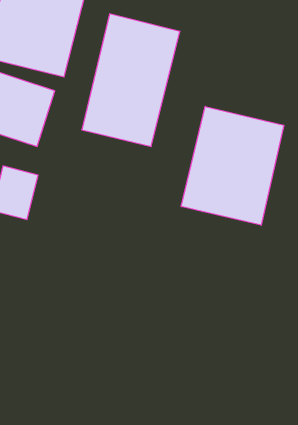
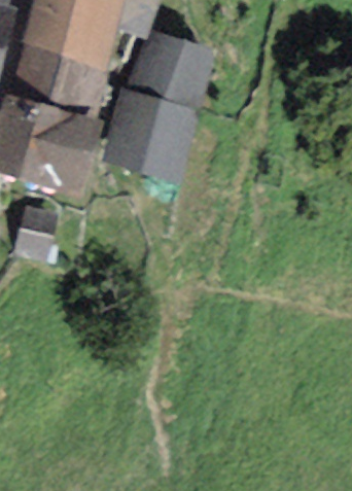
building: [181,106,284,225] -> none

